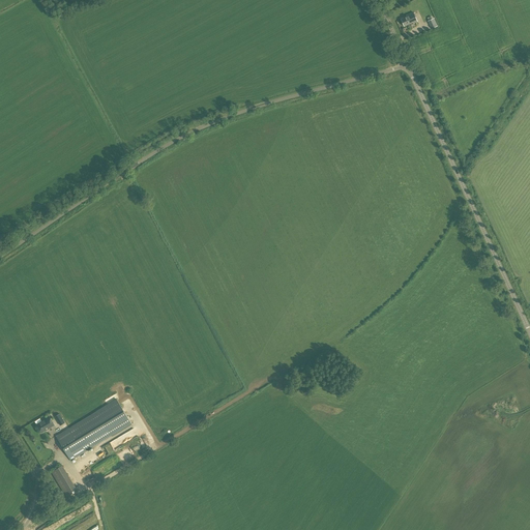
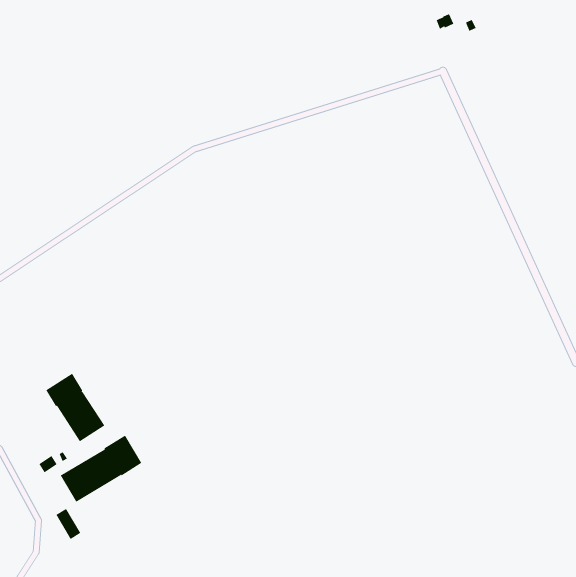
building: none -> [46,373,105,442]

